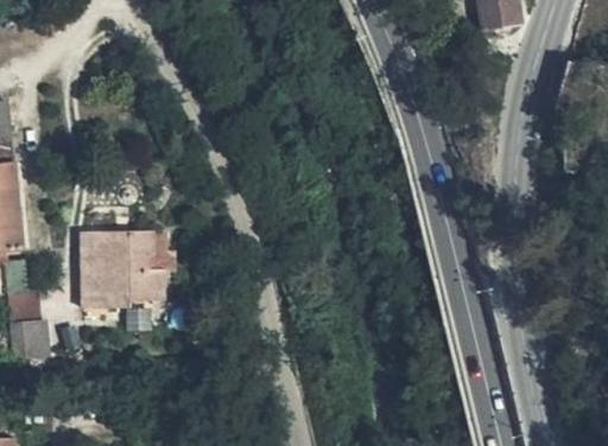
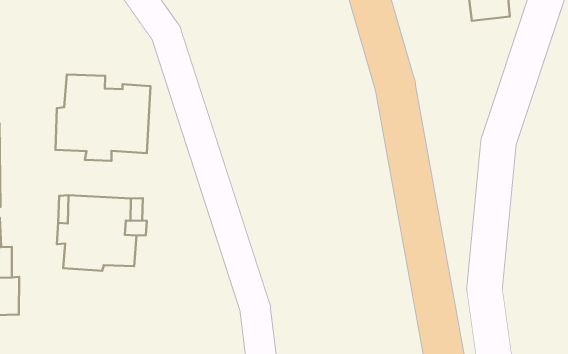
building: none -> [56,74,151,161]

